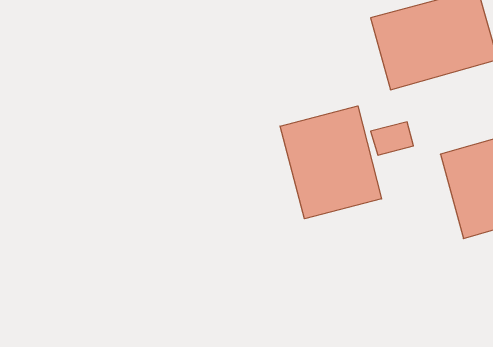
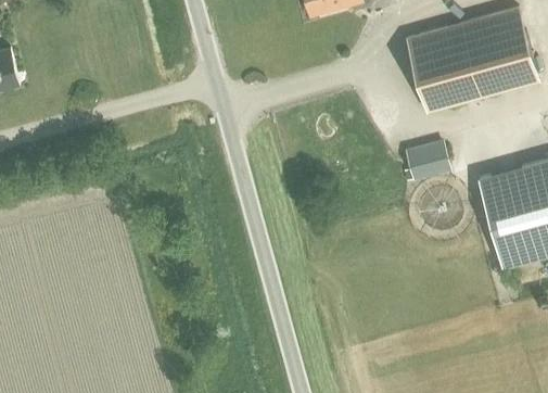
building: [280,106,382,219] -> none

